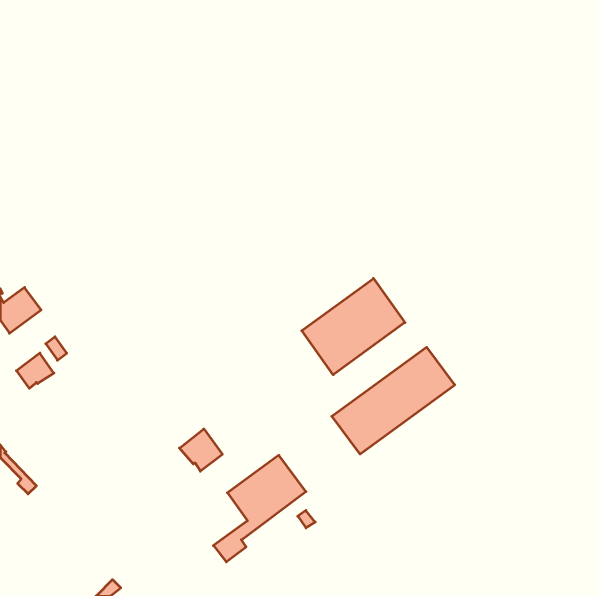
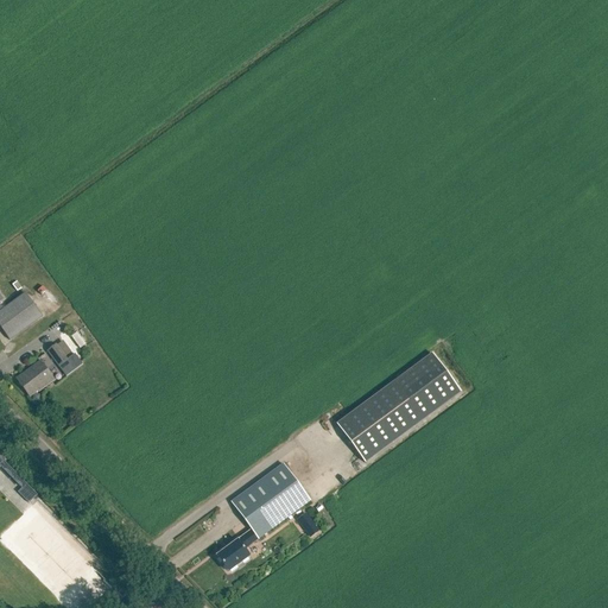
building: [302,278,405,375] -> none
building: [179,429,222,471] -> none

